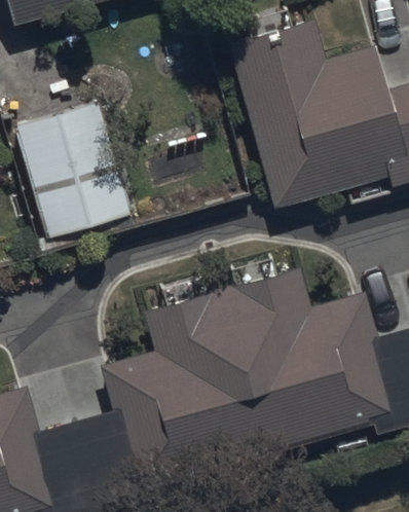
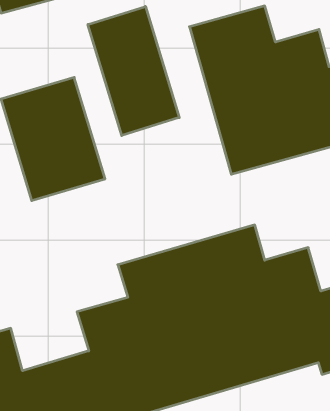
building: none -> [88,6,179,136]

